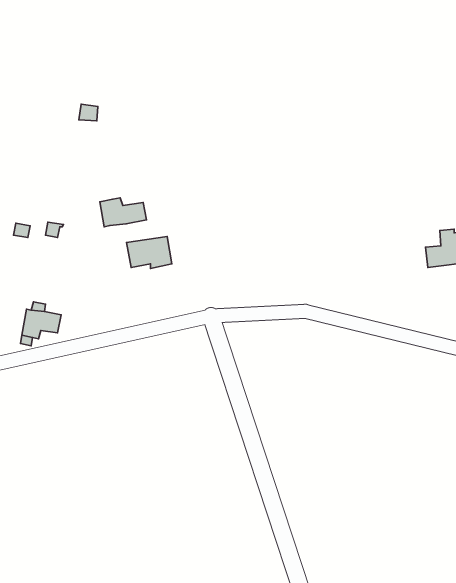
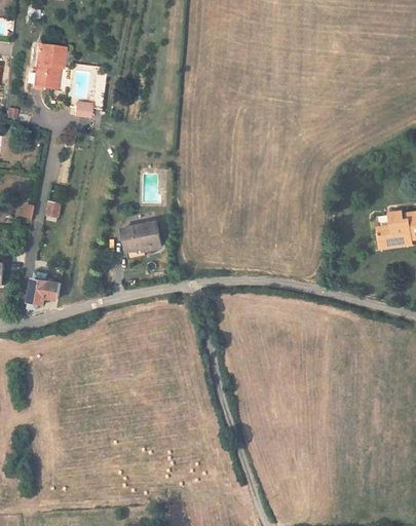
building: none -> [36,44,66,89]
building: [100,198,147,227] -> none

